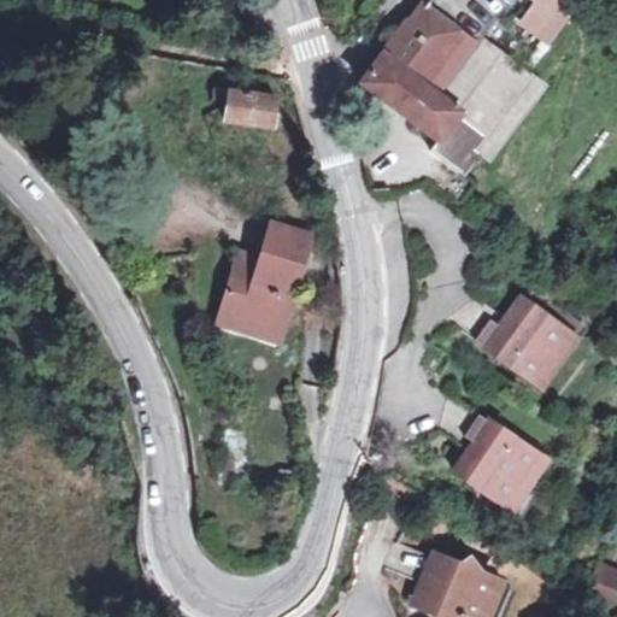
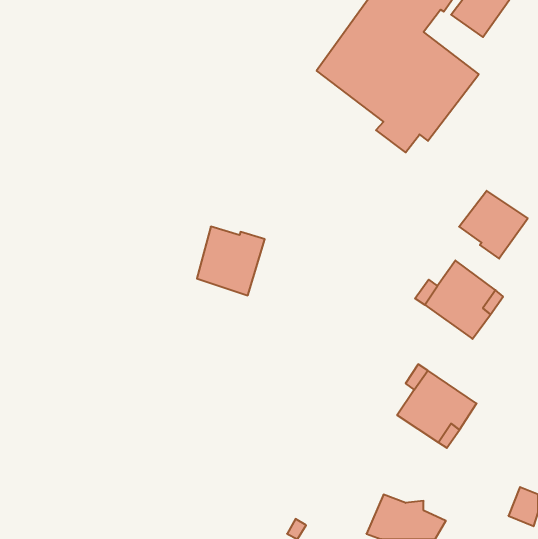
building: [219,86,274,124] -> none
building: none -> [459,191,528,259]
building: [274,224,313,272] -> none

